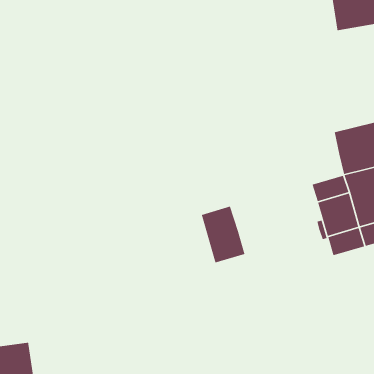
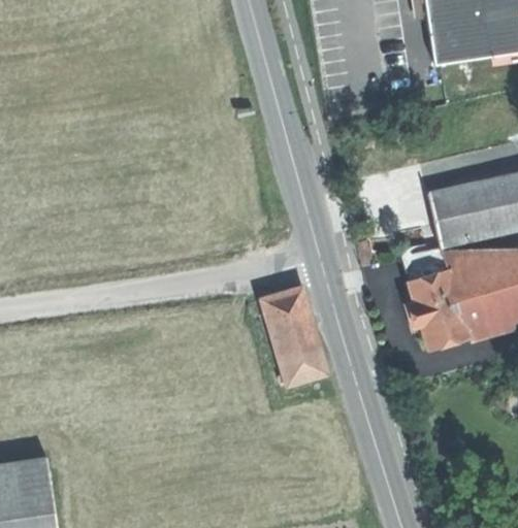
building: none -> [279,346,325,382]

